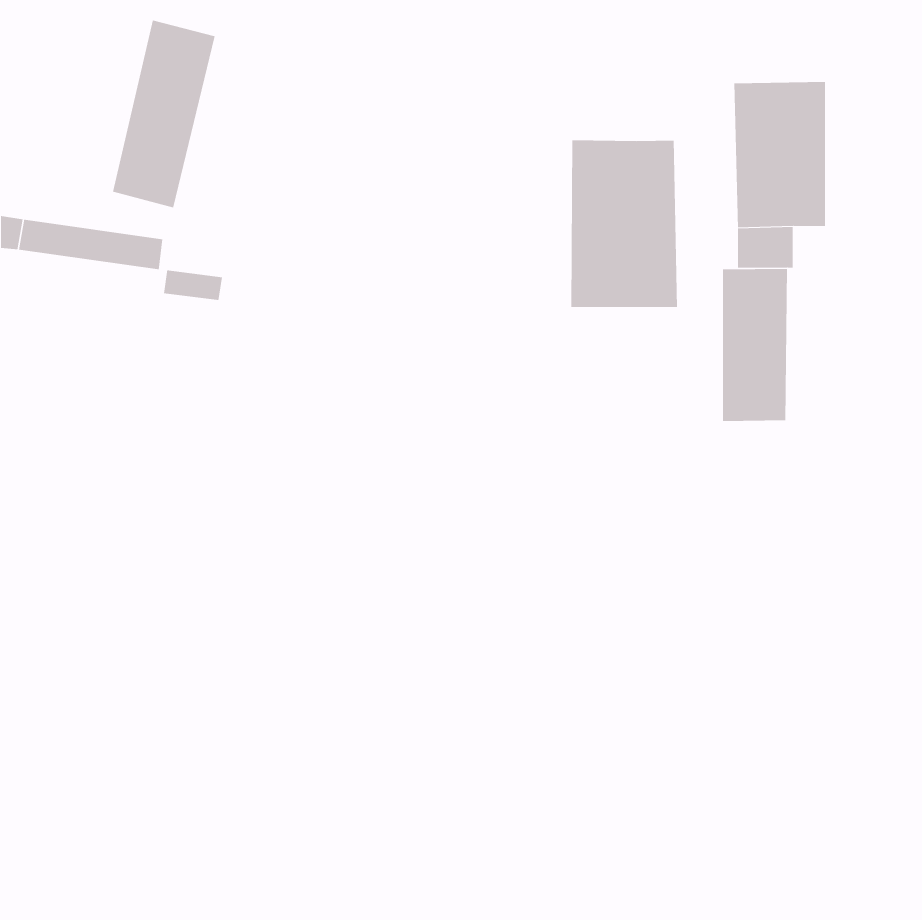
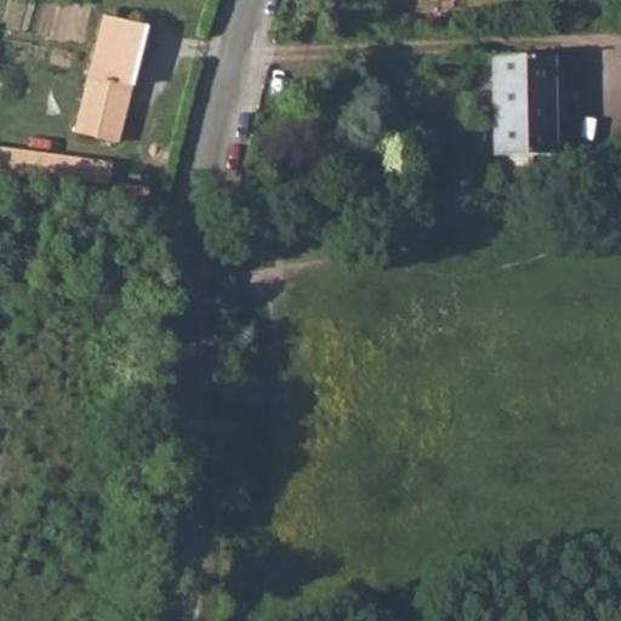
building: [571,140,678,308] -> none
building: [722,268,787,422] -> none

